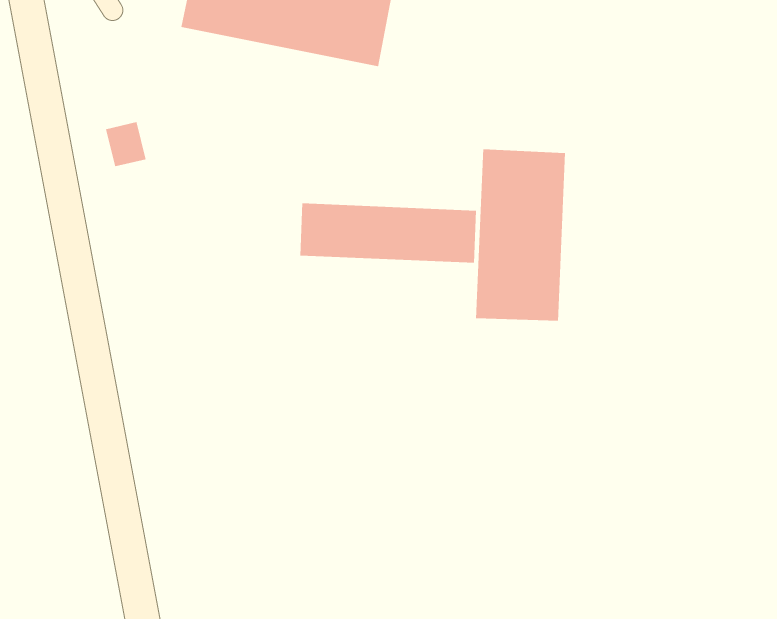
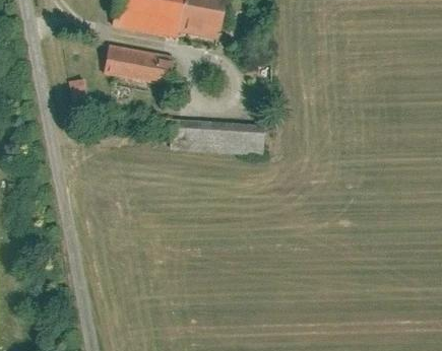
building: none -> [96,49,164,88]
building: [475,148,565,321] -> none

